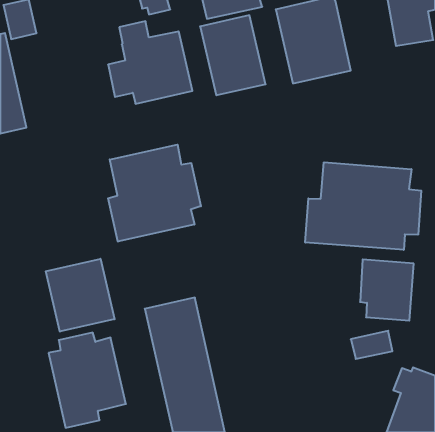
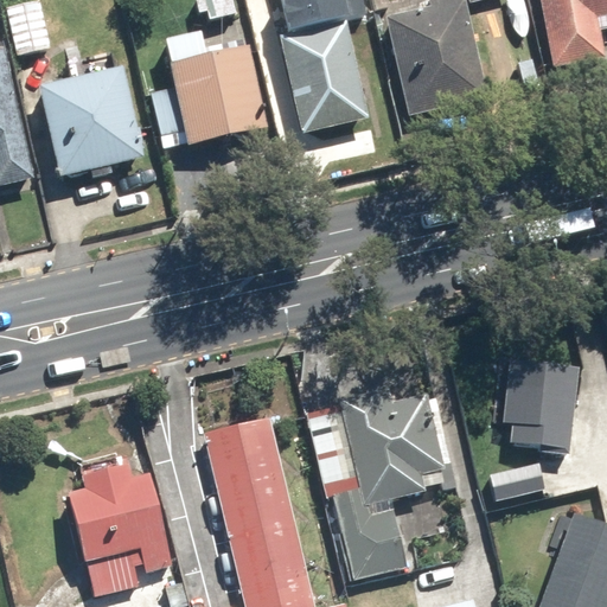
building: none -> [39,65,146,178]
building: [108,145,201,242] -> none
building: [305,162,421,250] -> none
building: [46,259,115,332] -> none
building: none -> [306,392,446,580]

